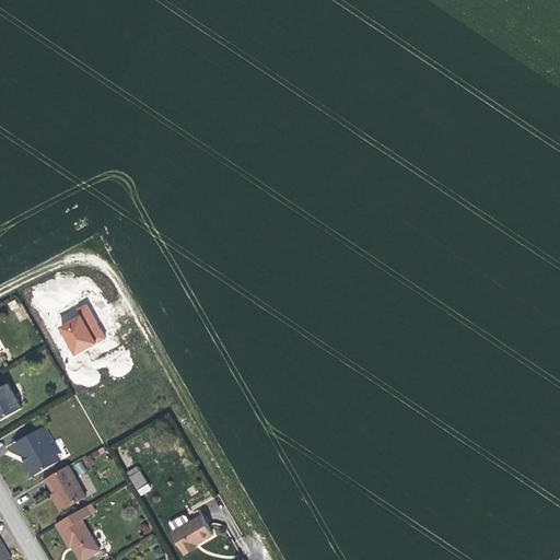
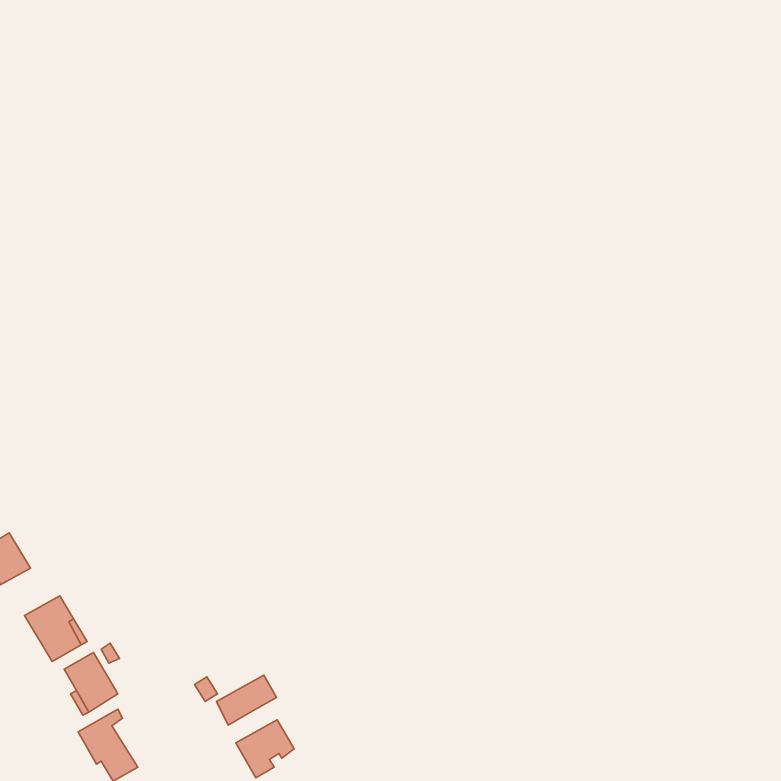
building: [57,301,105,354] -> none
building: none -> [217,675,276,725]

